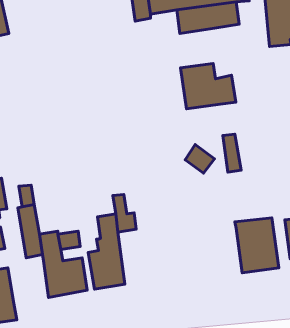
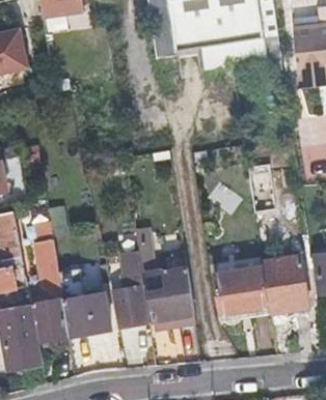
building: [180,63,236,109] -> none
building: none -> [213,265,267,317]
building: none -> [148,266,194,320]
building: none -> [28,298,70,342]

